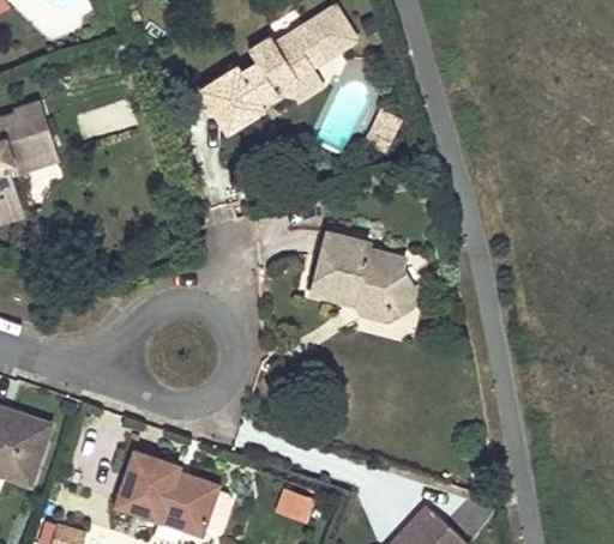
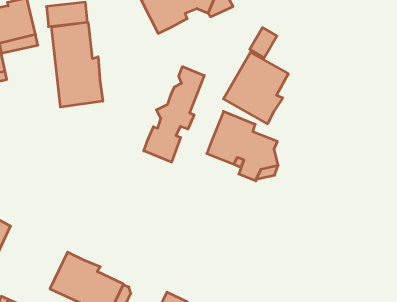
building: none -> [52,22,103,107]
building: none -> [223,52,288,124]
building: none -> [144,67,204,162]

